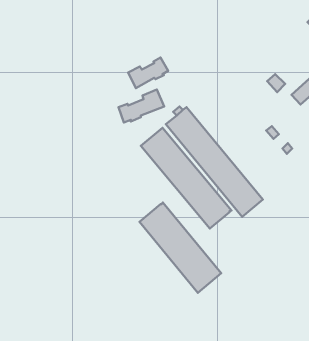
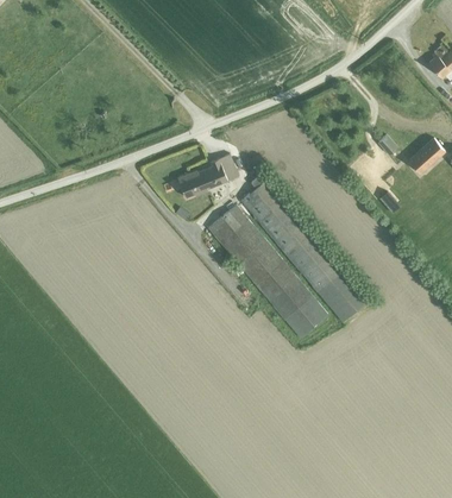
building: [128,58,168,88] -> none
building: [139,203,221,293] -> none

